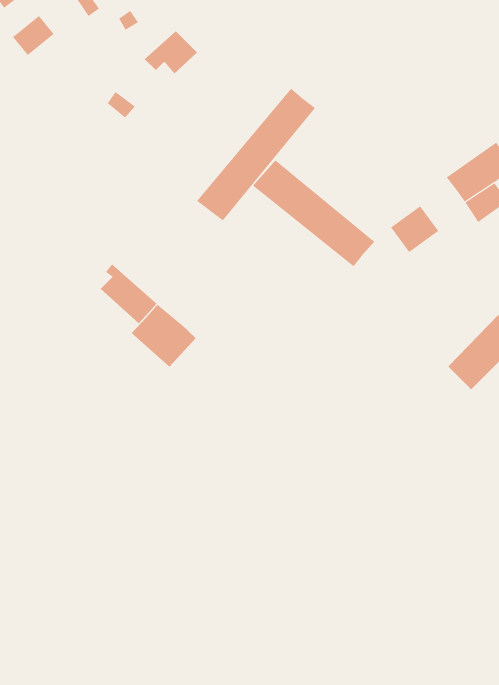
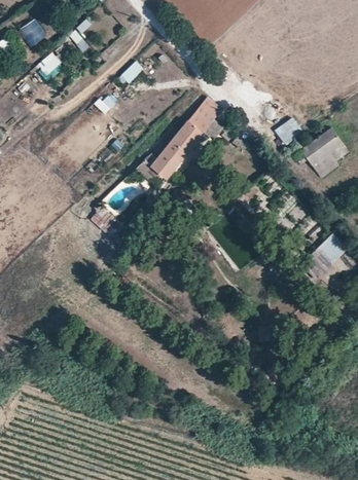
building: [252,160,375,267] -> none
building: [390,206,439,253] -> [275,117,305,146]
building: [131,304,196,368] -> none

